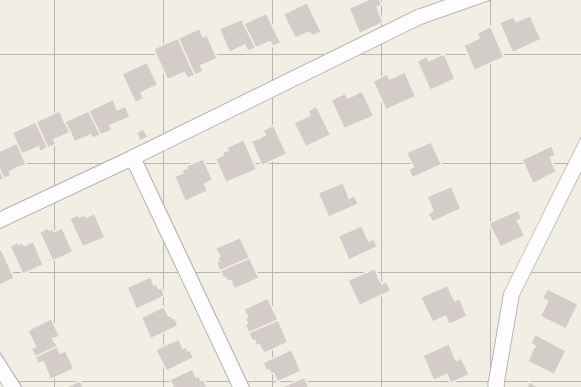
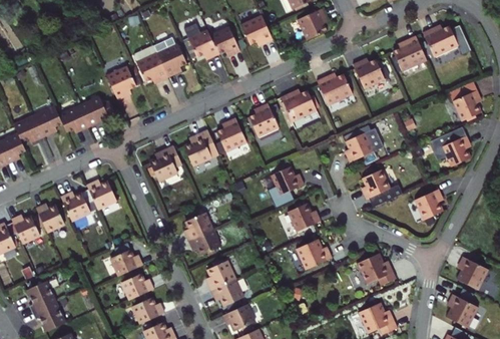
building: none -> [452,90,481,121]
building: none -> [86,182,116,210]

